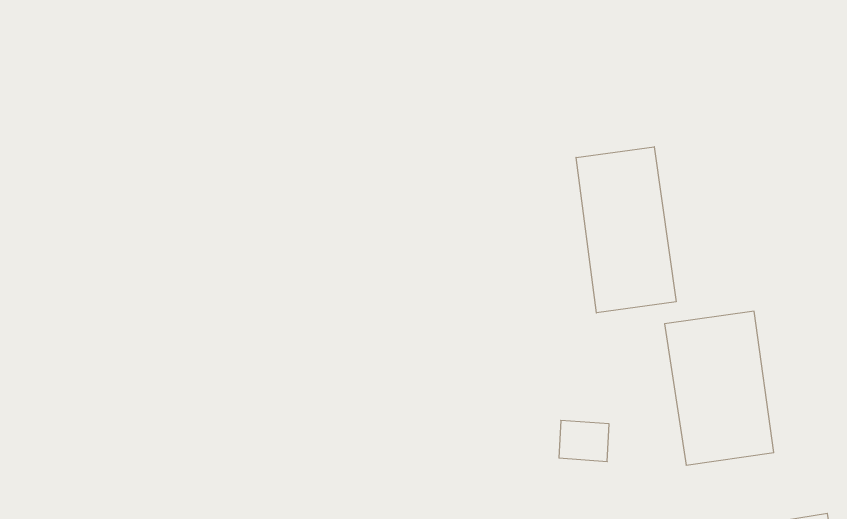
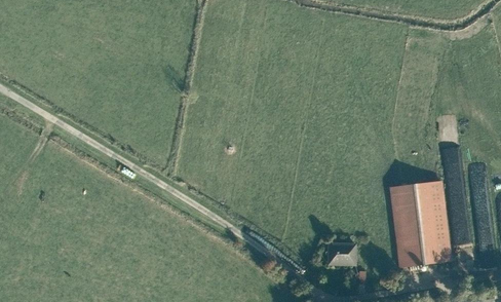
building: [576,147,676,313] -> none

